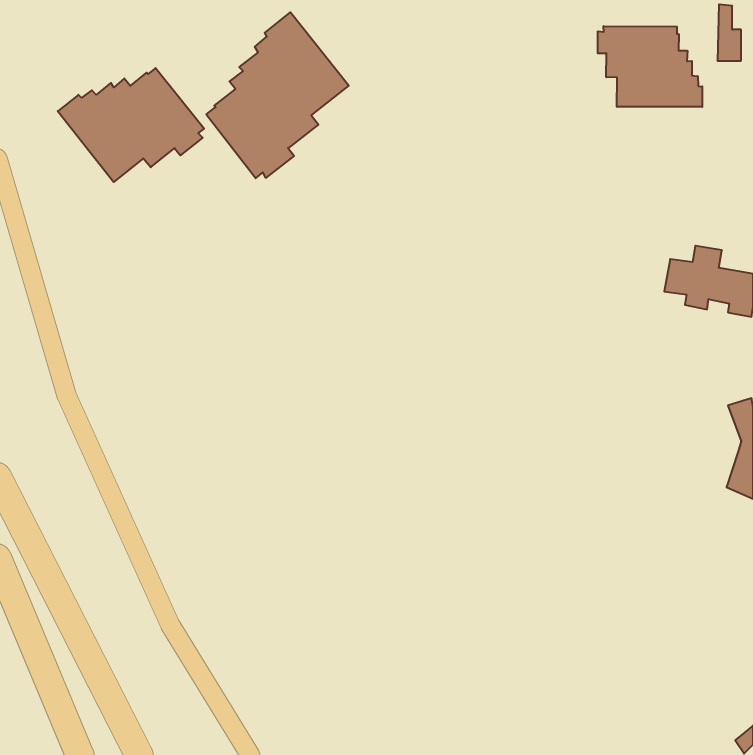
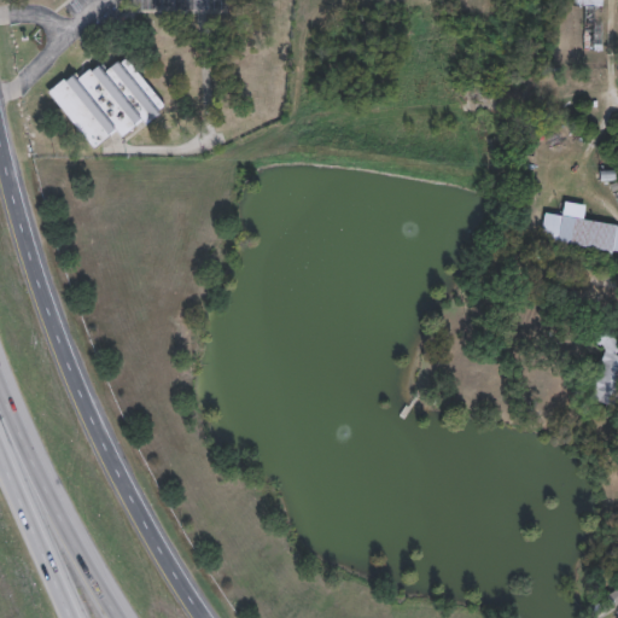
building: [206,12,349,178] -> none
building: [598,26,702,107] -> none

